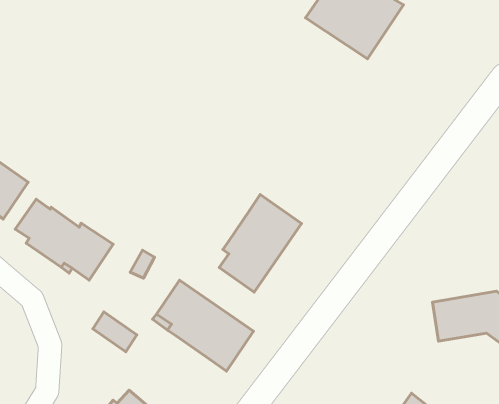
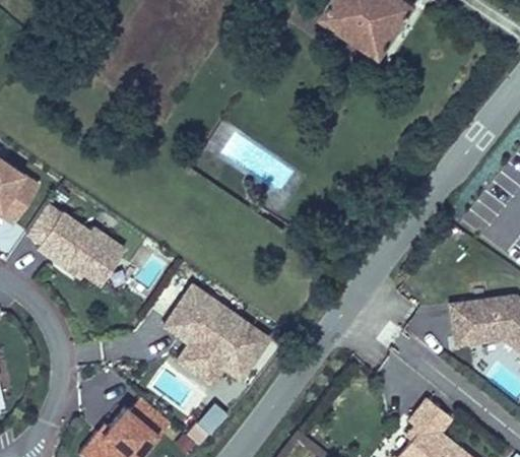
building: [219,195,301,292] -> none
building: [93,312,137,352] -> [177,341,221,382]

